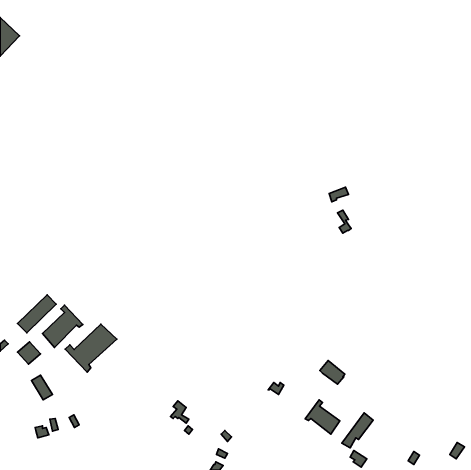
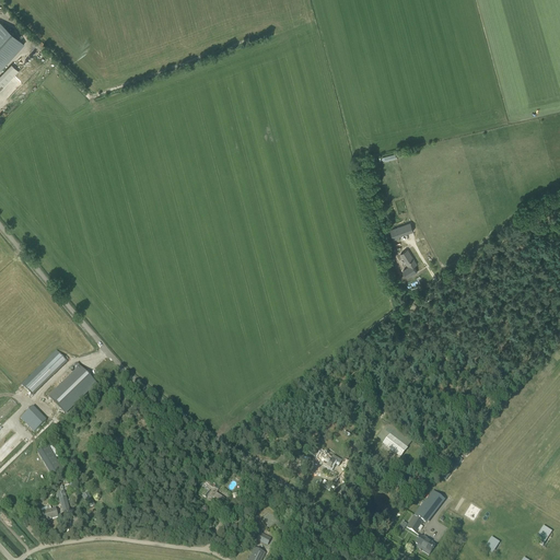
building: [65,324,117,372] -> none
building: [305,400,340,434] -> none

